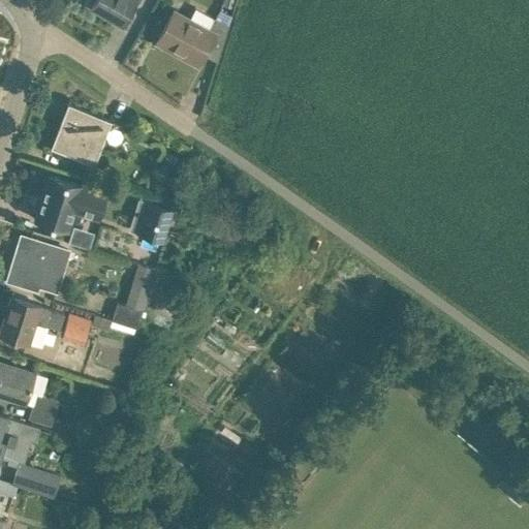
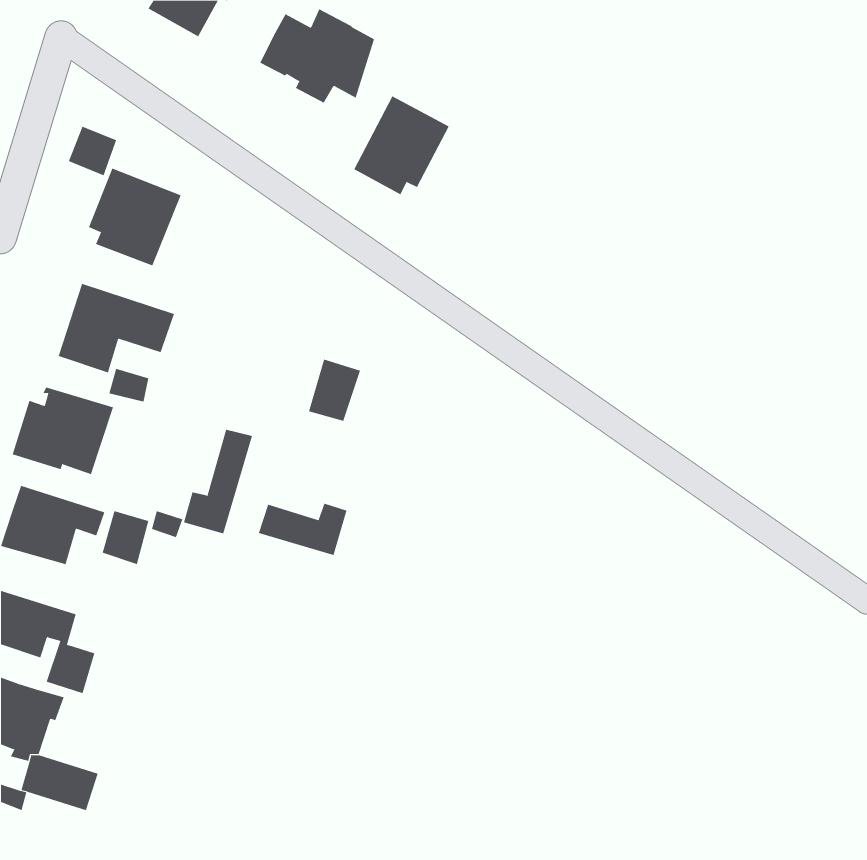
building: none -> [354,95,449,195]
building: none -> [68,126,117,176]
building: [141,205,173,243] -> [308,359,361,422]
building: none -> [258,503,347,556]

